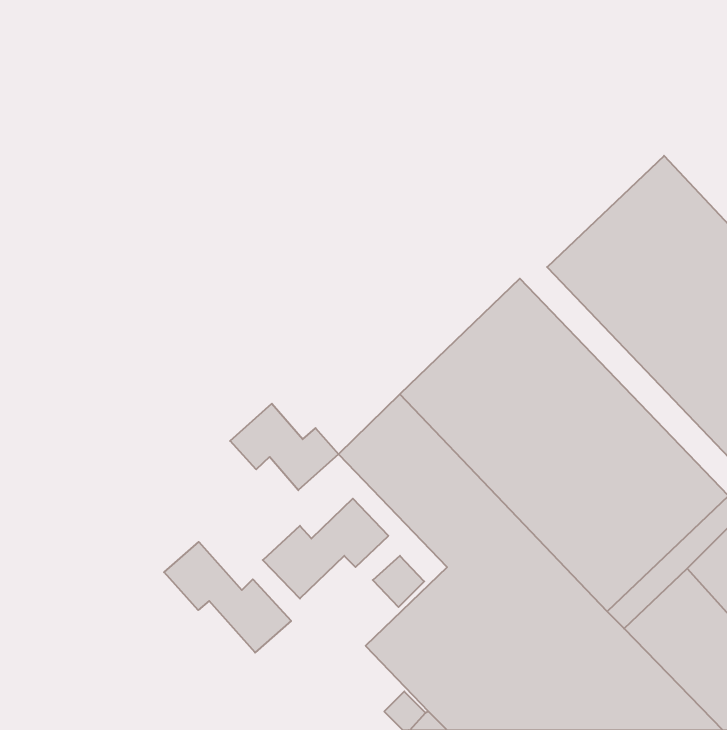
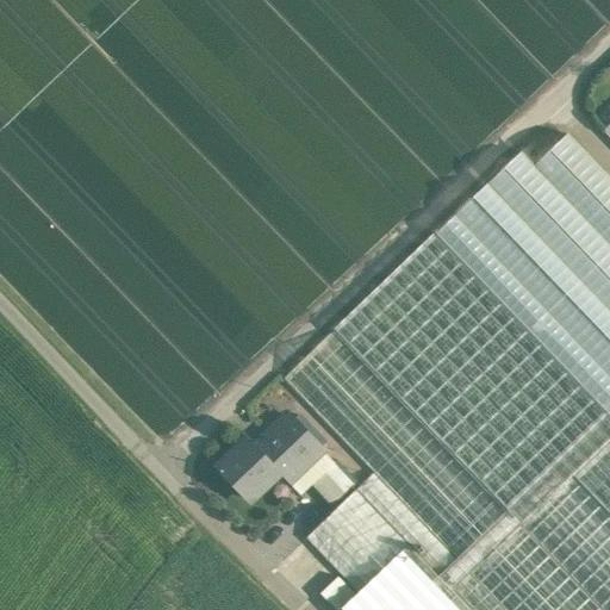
building: [230,404,339,490] -> none
building: [164,542,291,653] -> none

